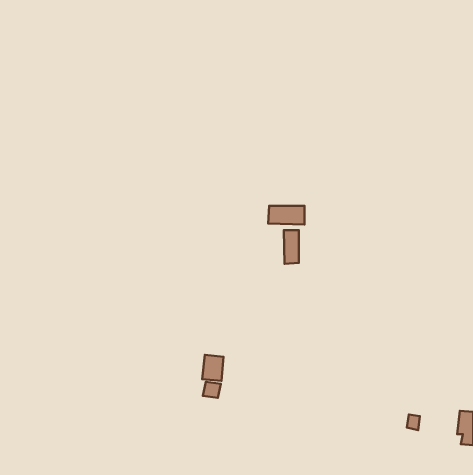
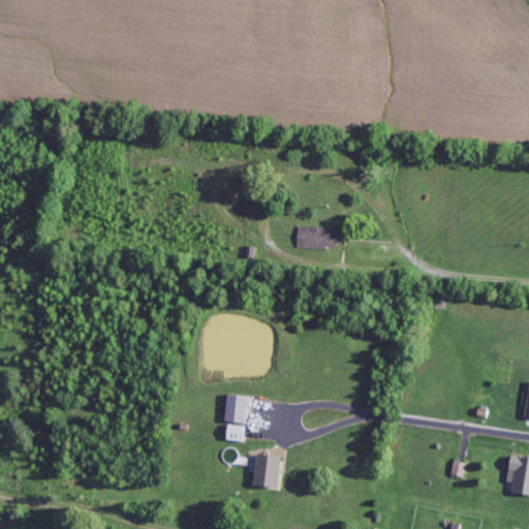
building: [284,230,299,264] -> none
building: none -> [252,454,281,488]

